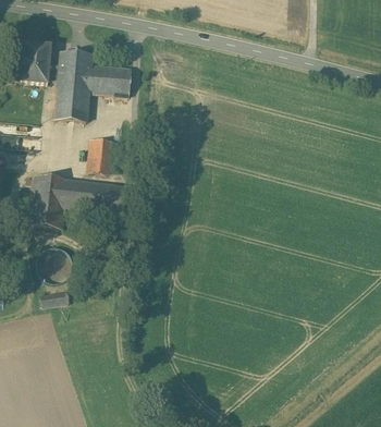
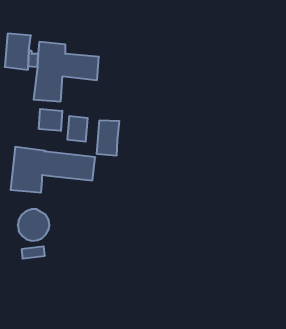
building: none -> [39,109,62,131]
building: none -> [97,120,119,156]

